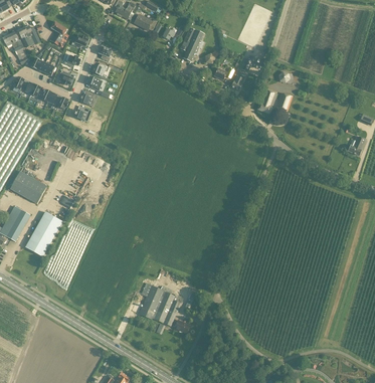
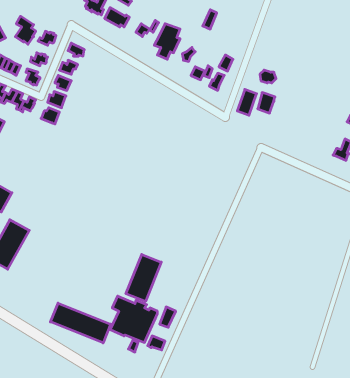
building: none -> [126,254,161,301]
building: none -> [50,303,111,343]

